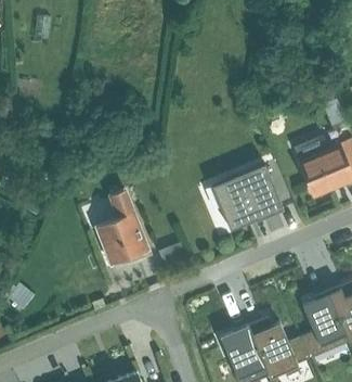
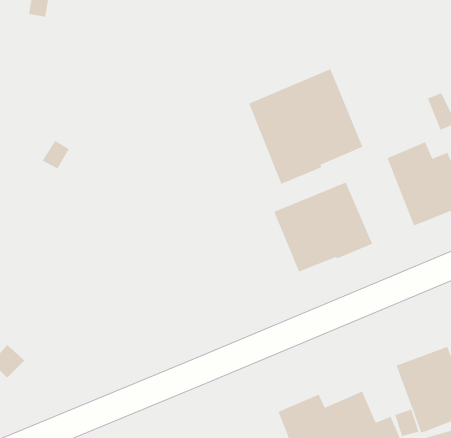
building: none -> [248,68,364,185]
building: [96,189,152,265] -> none

